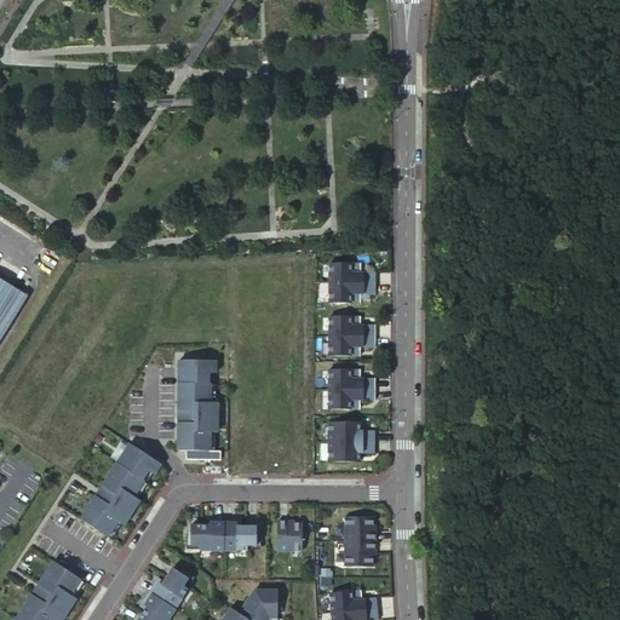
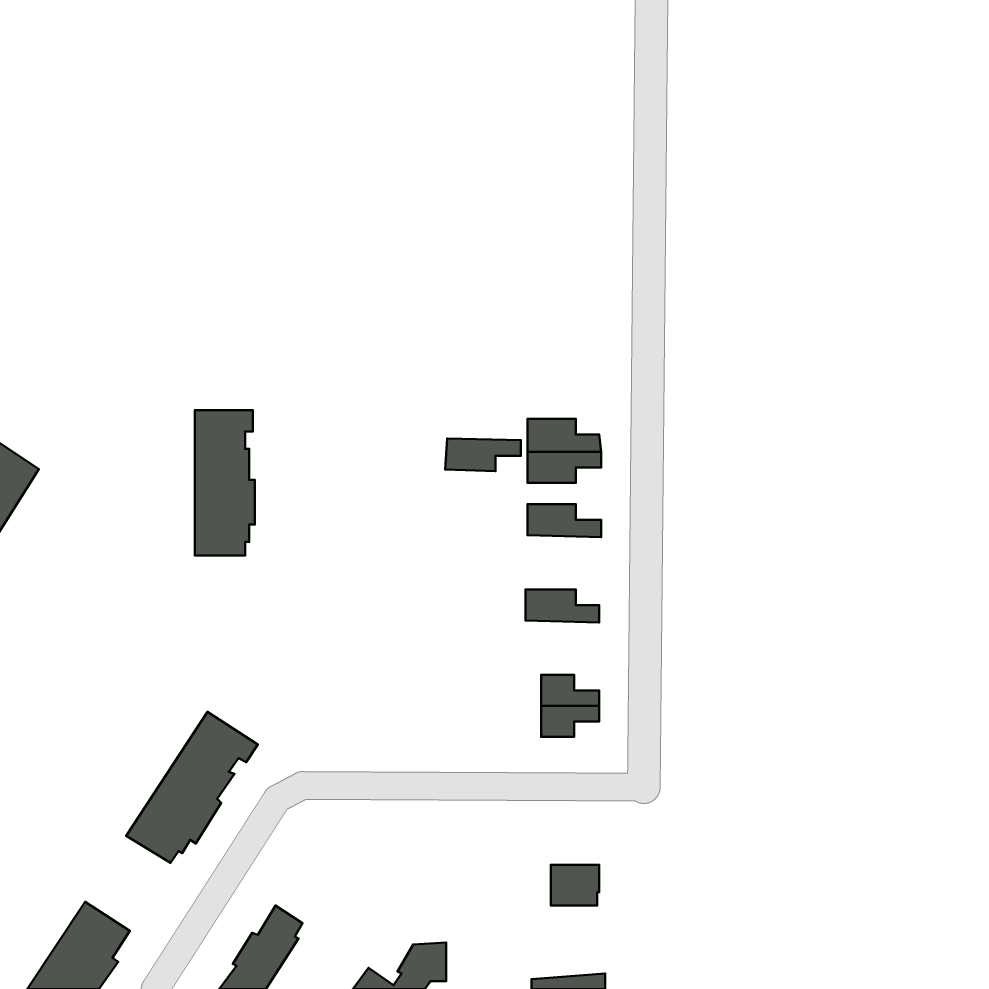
building: [328,334,375,355] -> [445,438,521,471]
building: [179,362,217,453] -> [195,410,255,556]
building: [328,388,374,408] -> none
building: [344,516,374,540] -> none
building: [277,519,302,550] -> none
building: [190,522,257,550] -> none
building: [329,590,378,612] -> none

